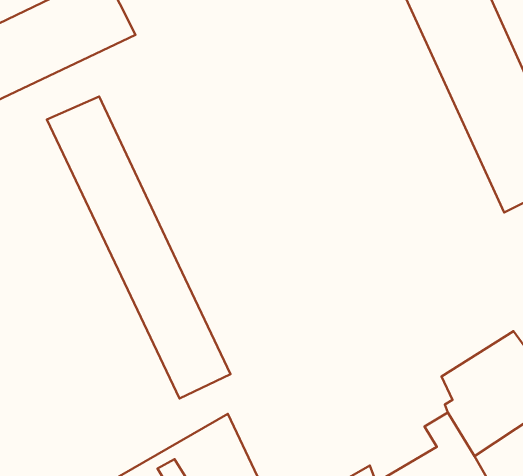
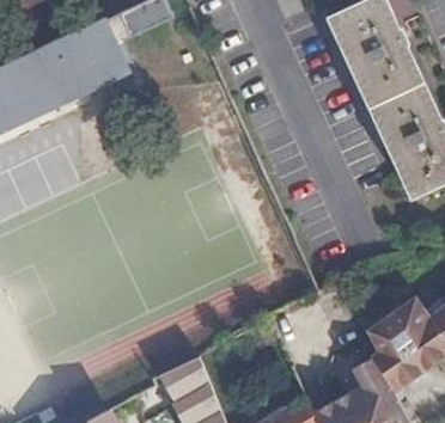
building: [47,97,231,398] -> none

